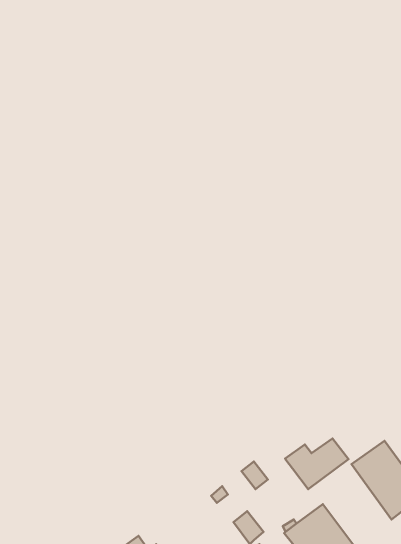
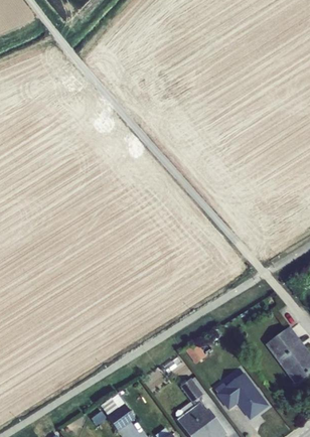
building: [285,439,348,489] -> none

